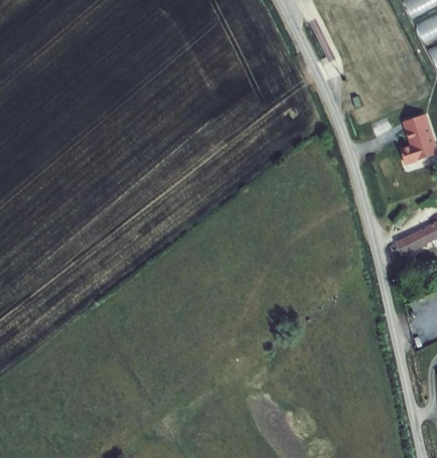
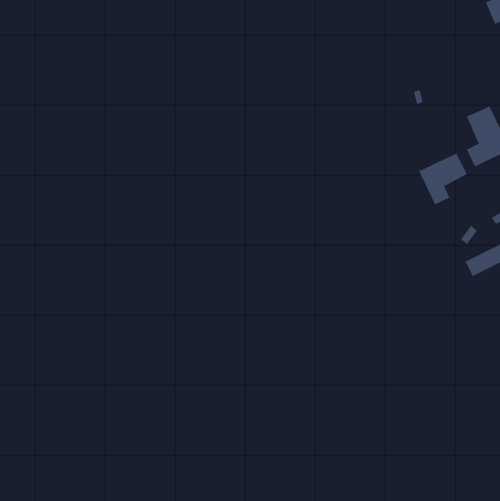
building: none -> [418,153,468,205]

